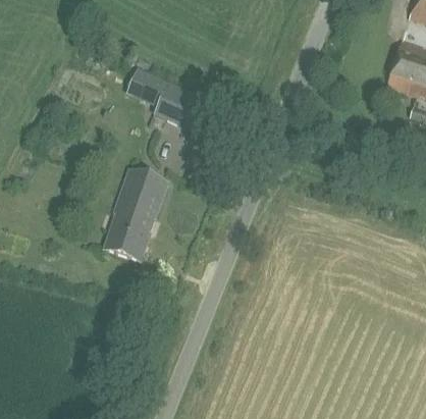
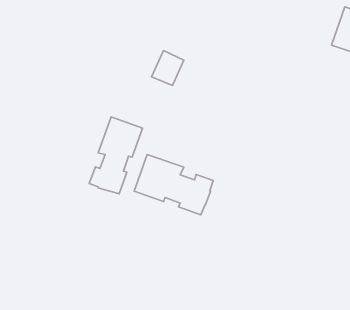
building: [127,67,180,117] -> none
building: none -> [134,154,213,215]

